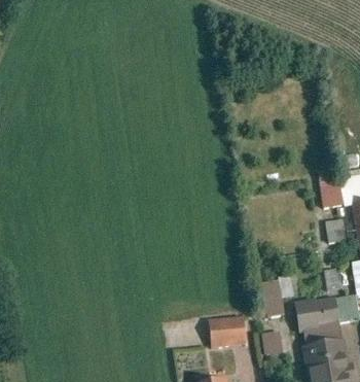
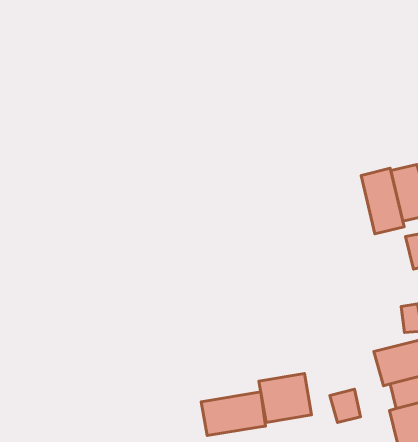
building: none -> [361,168,404,234]
building: [259,281,282,315] -> none
building: none -> [201,392,266,436]

